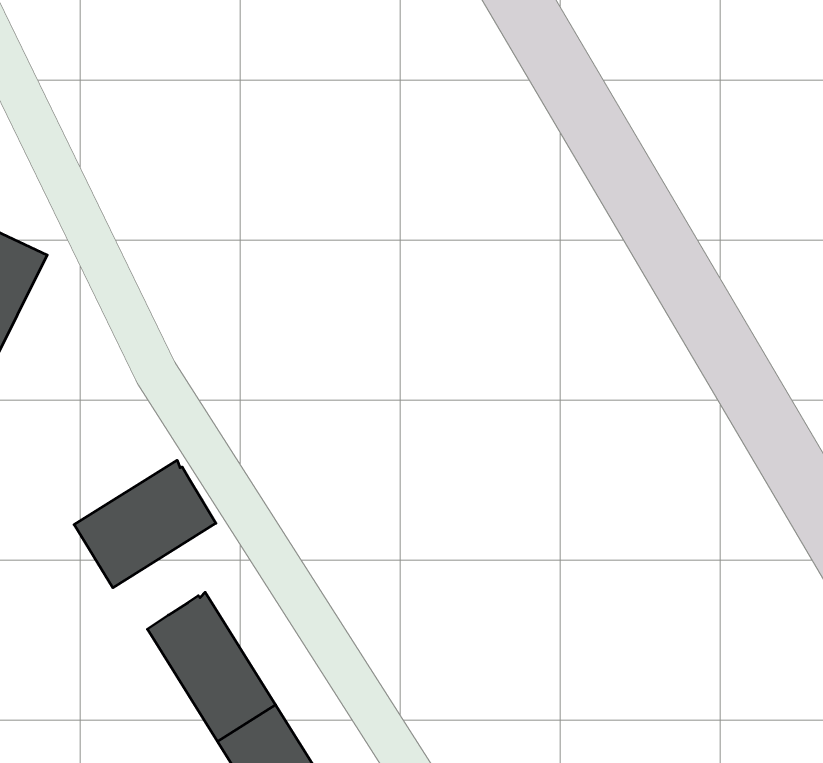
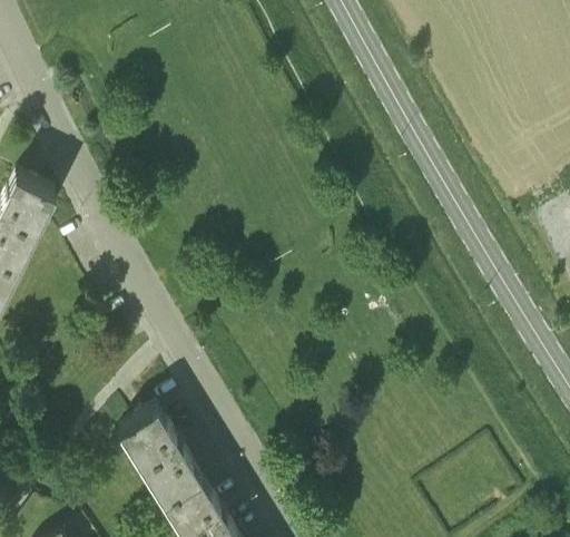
building: [74,460,216,588] -> none

